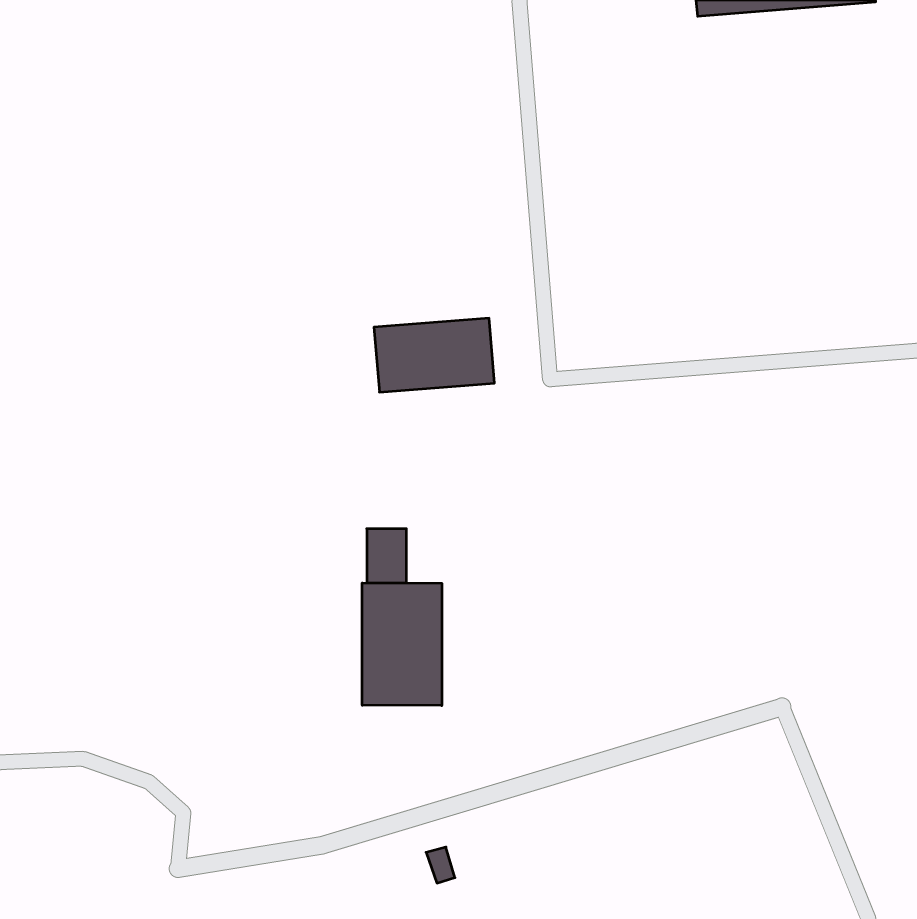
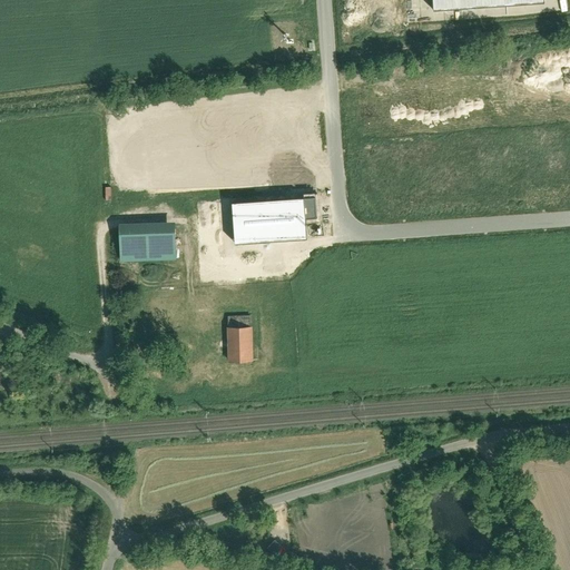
building: none -> [119,225,174,259]
building: [362,583,442,706] -> none

